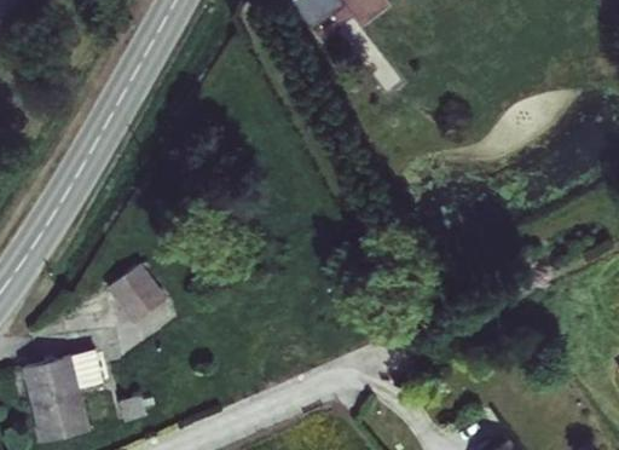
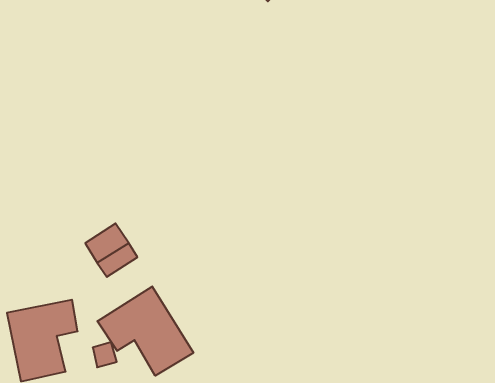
building: none -> [97,286,193,376]

